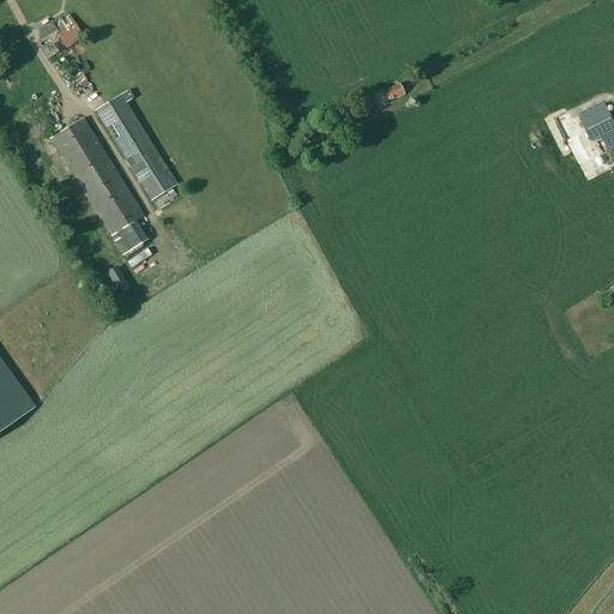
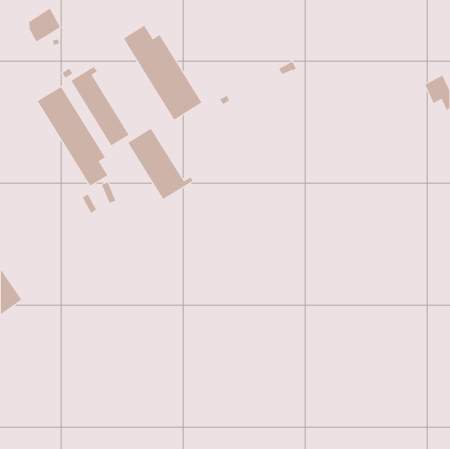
building: none -> [123,25,202,120]
building: none -> [128,128,193,200]

